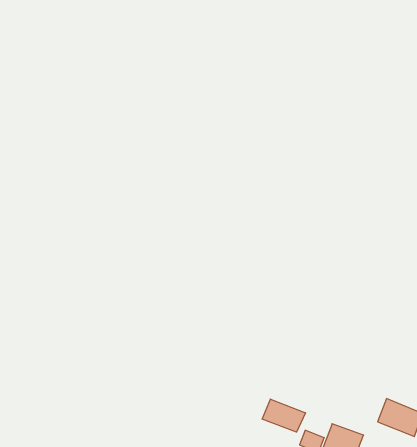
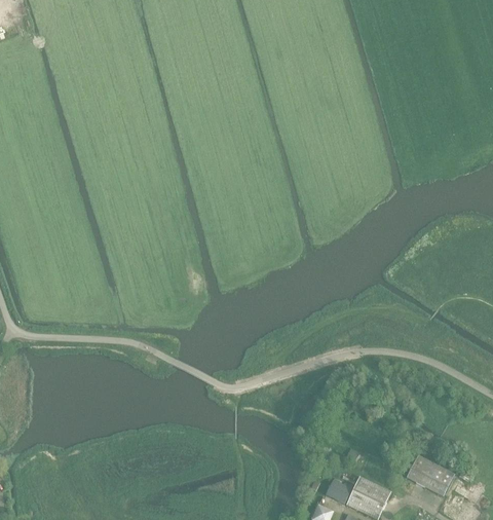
building: [262,399,305,432] -> none

